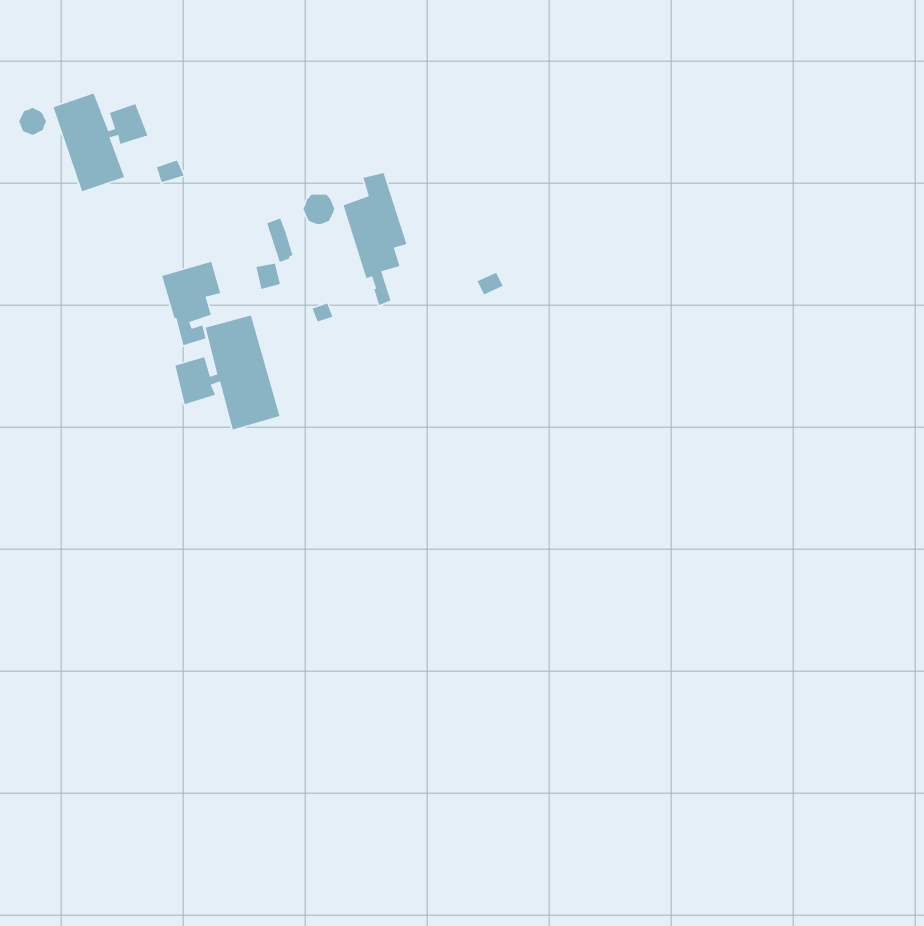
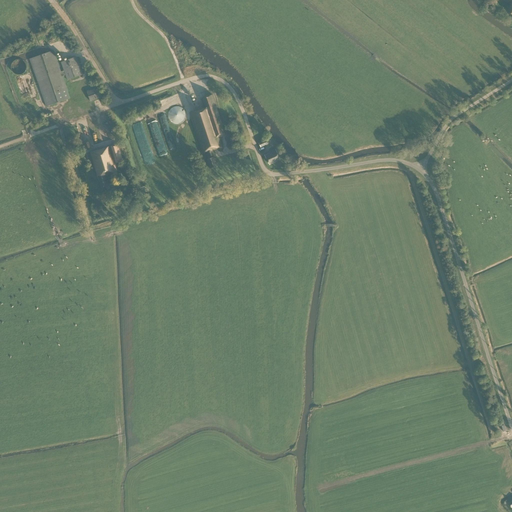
building: [175,314,281,431] -> none

